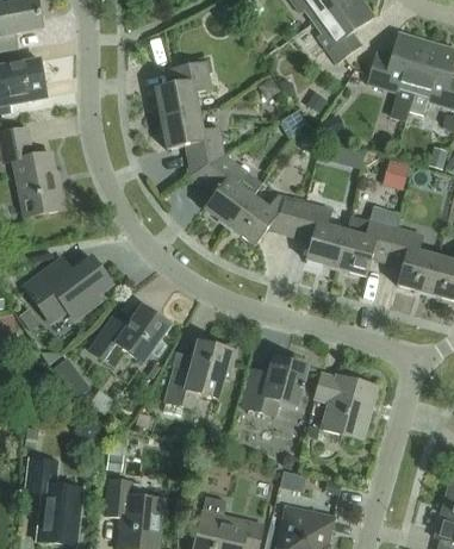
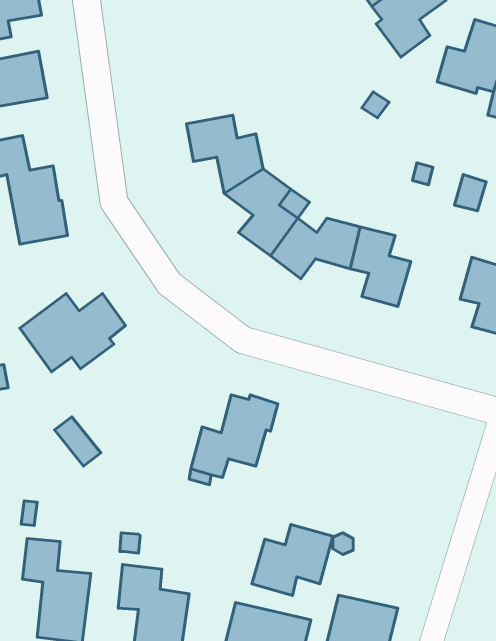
building: [155,55,211,117] -> none
building: [335,205,399,275] -> none
building: [89,305,169,367] -> none
building: [241,356,307,414] -> [252,525,333,596]
building: [313,370,377,438] -> none

